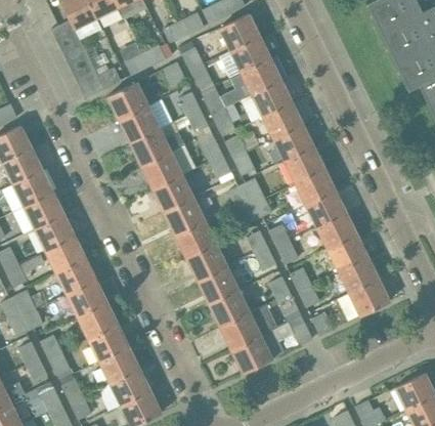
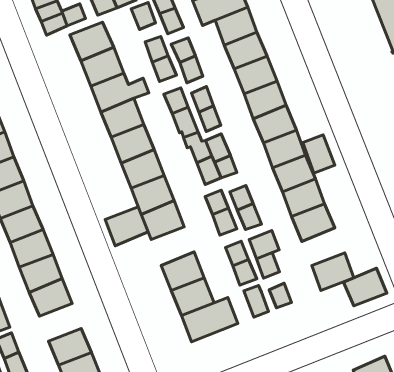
building: none -> [303,135,335,173]
building: [338,256,379,293] -> [344,268,387,306]
building: [198,266,238,304] -> [105,207,148,246]
building: [99,346,139,383] -> none

